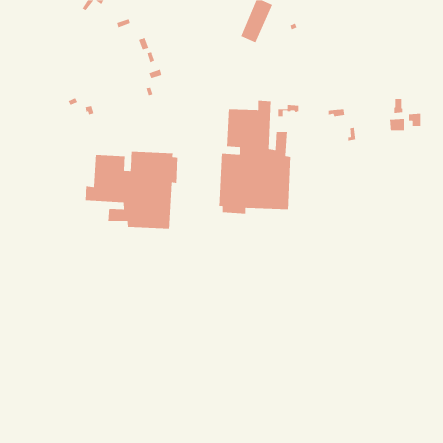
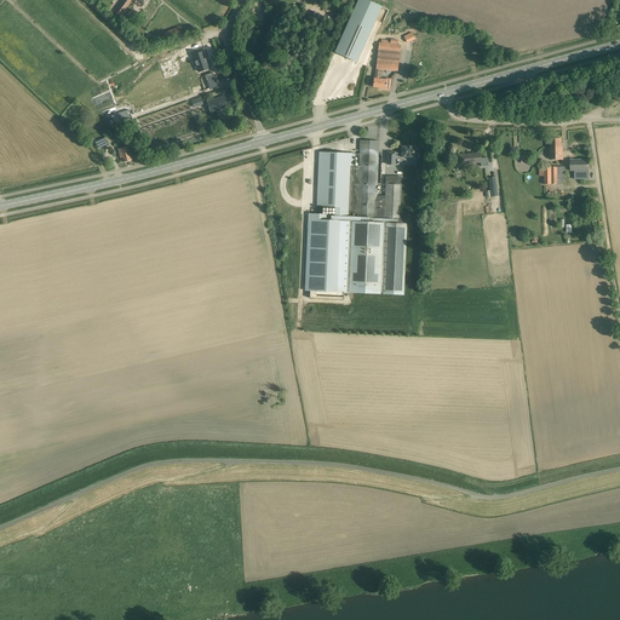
building: none -> [373,38,401,88]
building: [85,151,178,230] -> none

